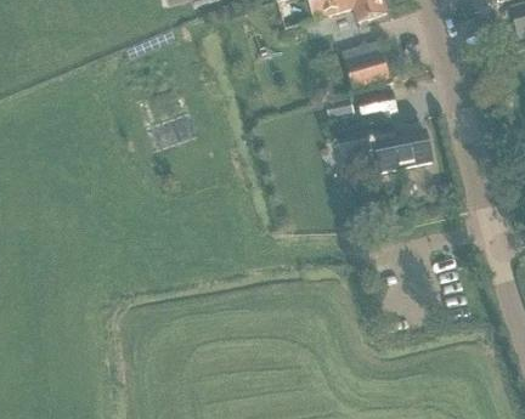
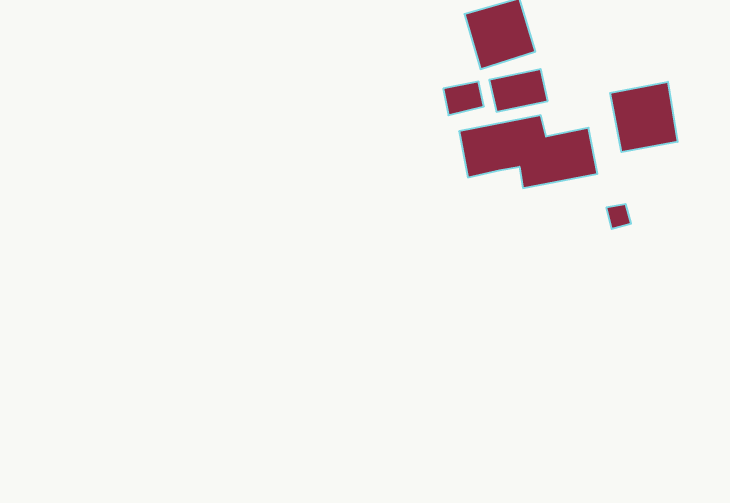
building: none -> [610,82,678,152]

